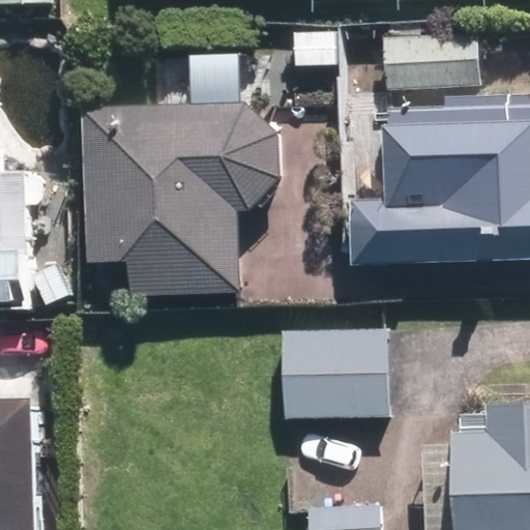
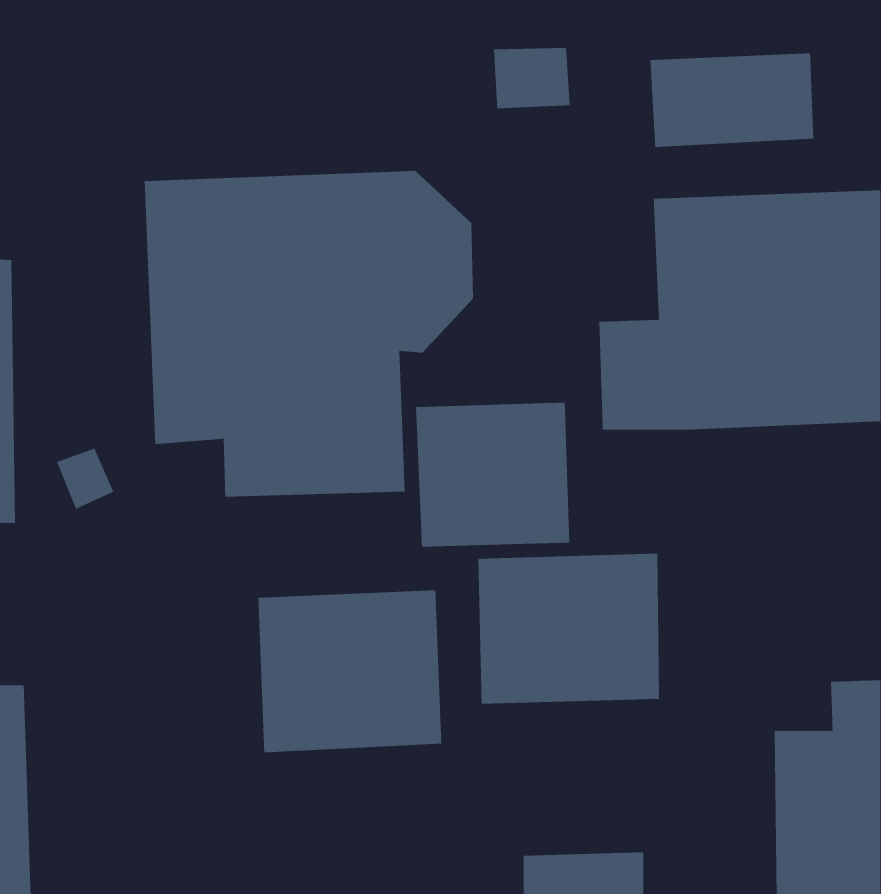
building: none -> [415,402,570,547]
building: none -> [258,589,442,753]

